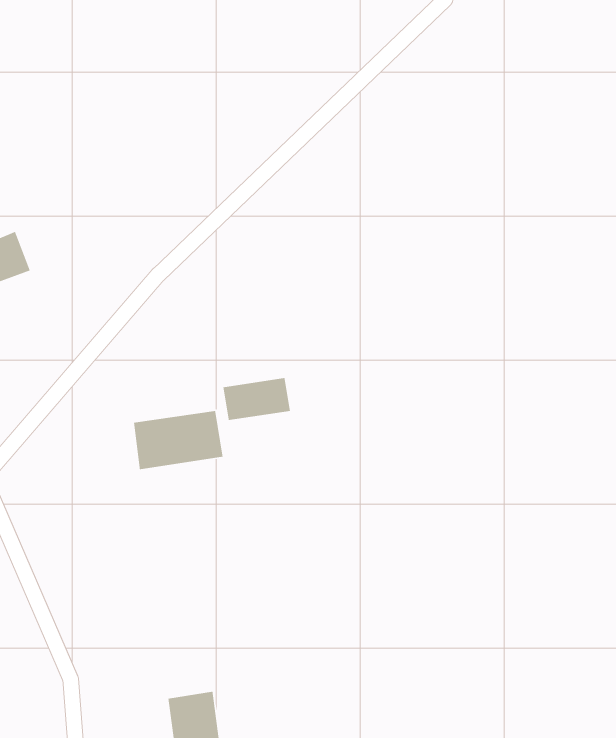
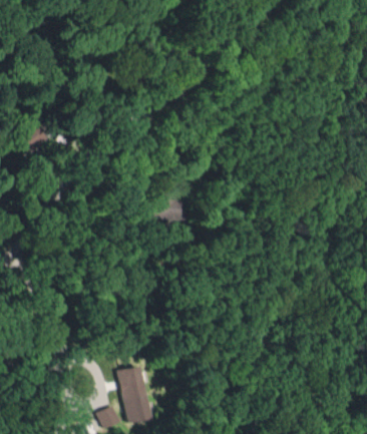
building: [133,410,223,470] -> none

